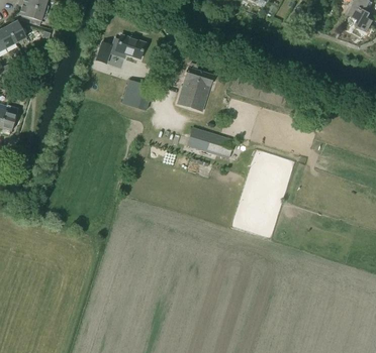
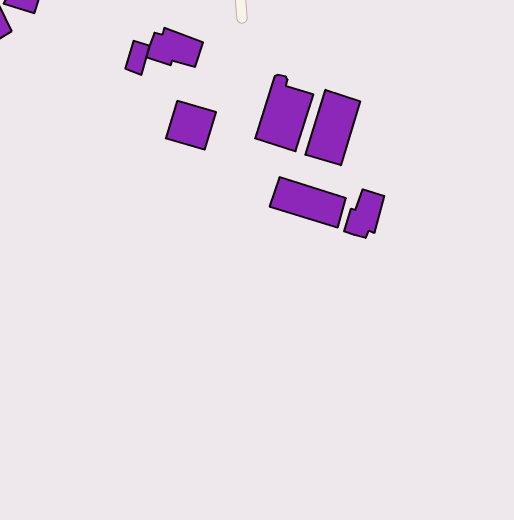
building: none -> [305,90,360,165]
building: none -> [344,189,384,238]

